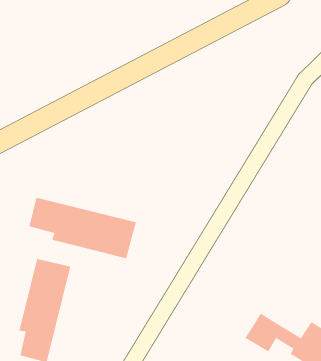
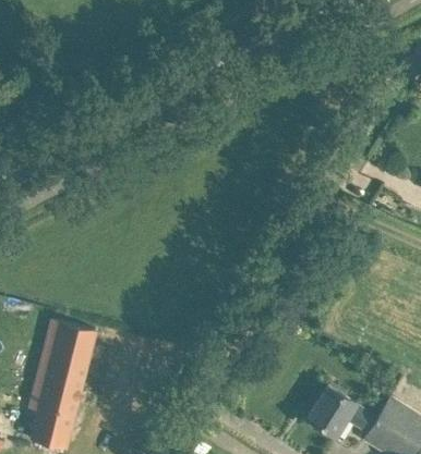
building: [29,197,137,259] -> none

